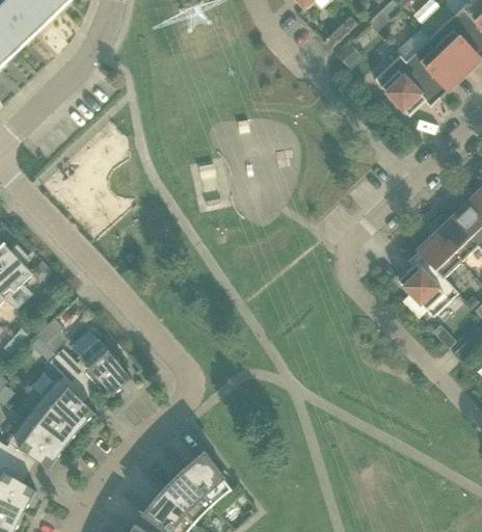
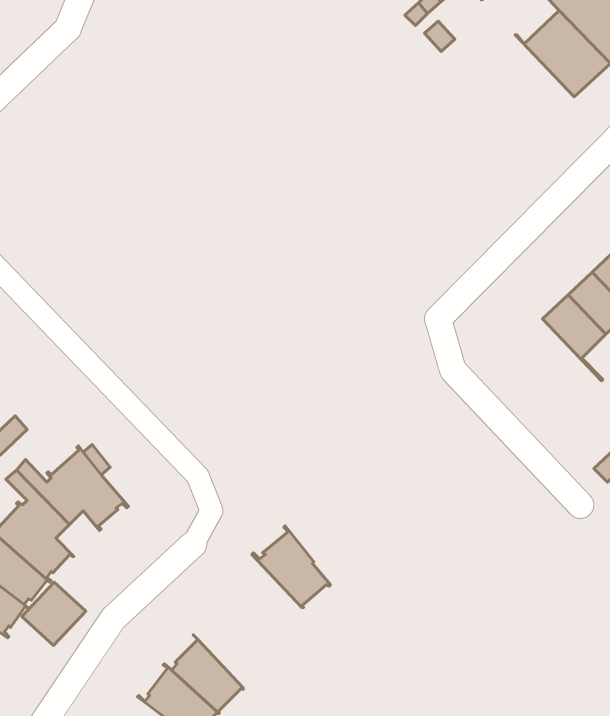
building: [373,55,438,116] -> none
building: [397,250,457,317] -> none
building: none -> [22,582,86,646]
building: [177,448,231,504] -> [252,526,331,607]

